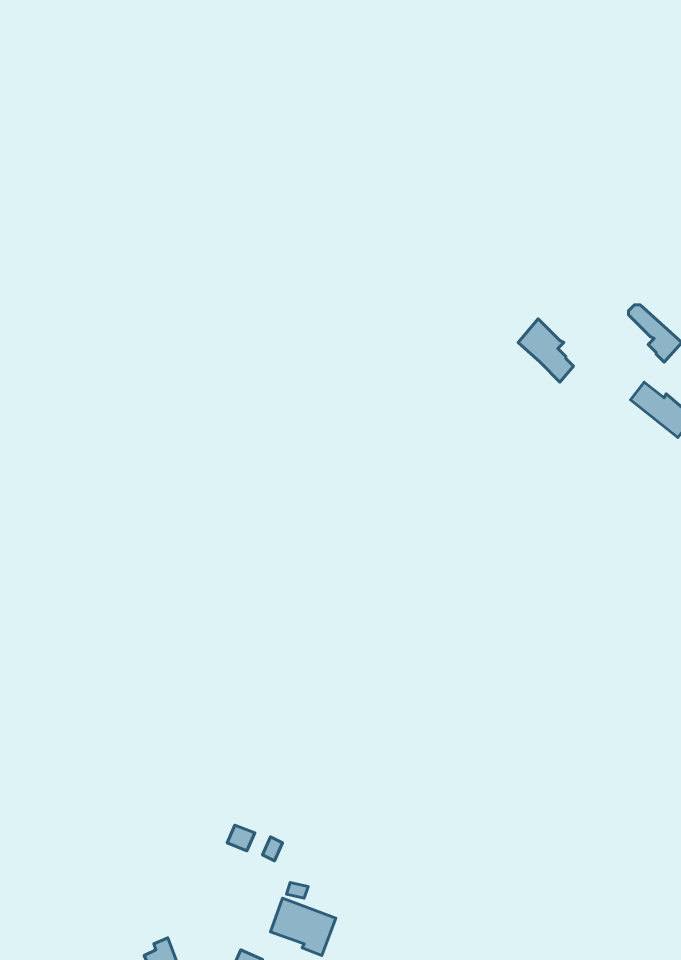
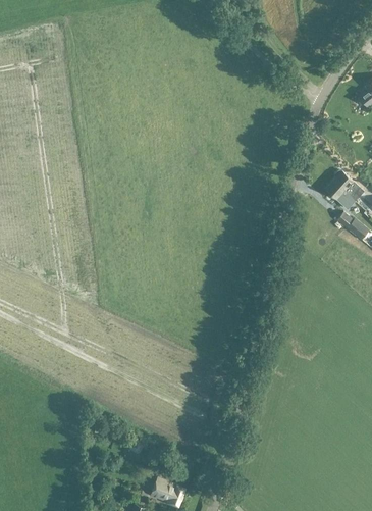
building: [518,319,574,382] -> [325,176,354,209]

